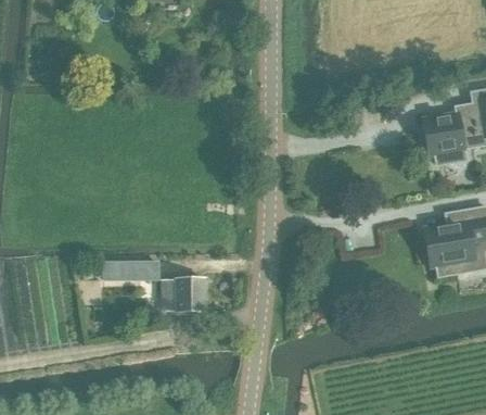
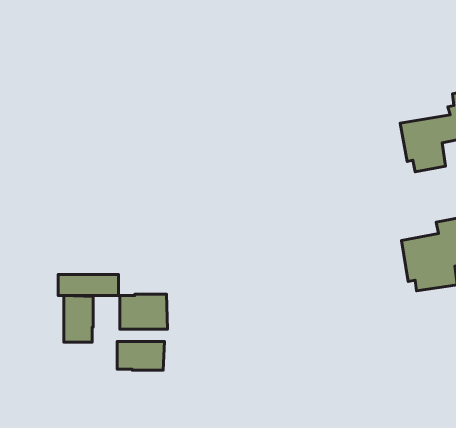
building: none -> [64,295,93,342]
building: none -> [117,342,164,370]

